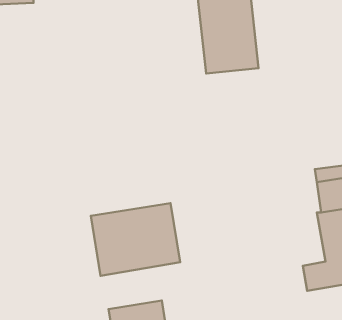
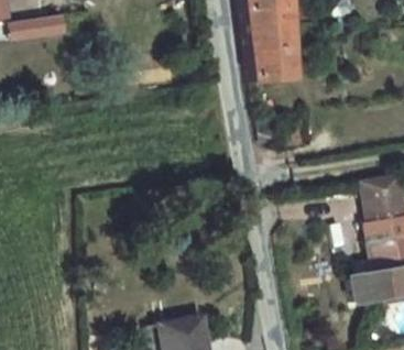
building: [91,203,180,276] -> none

